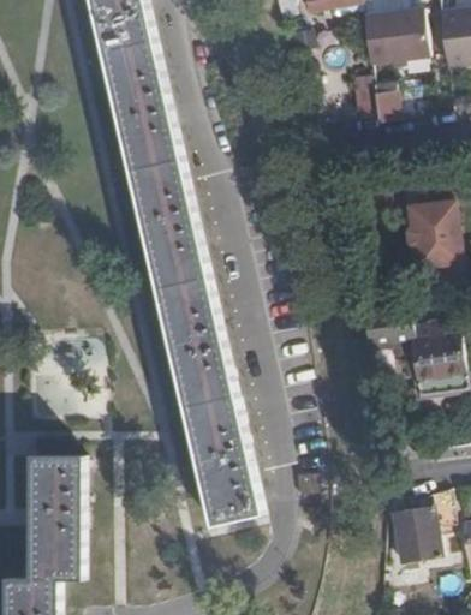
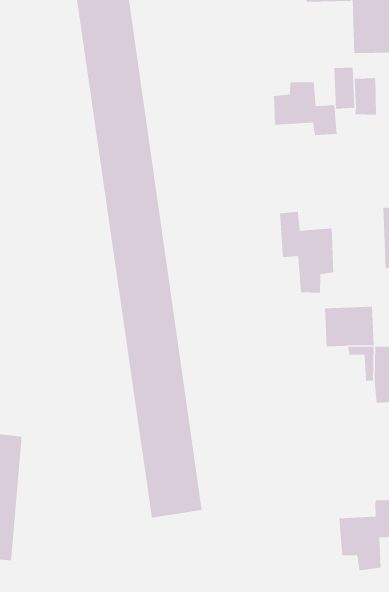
building: none -> [273,82,337,136]
building: none -> [279,211,334,293]

